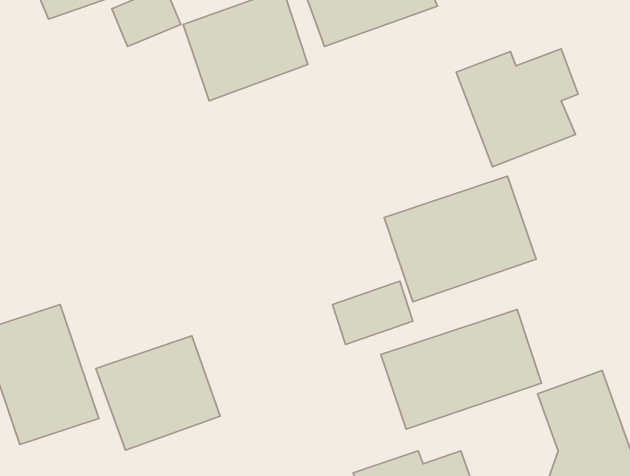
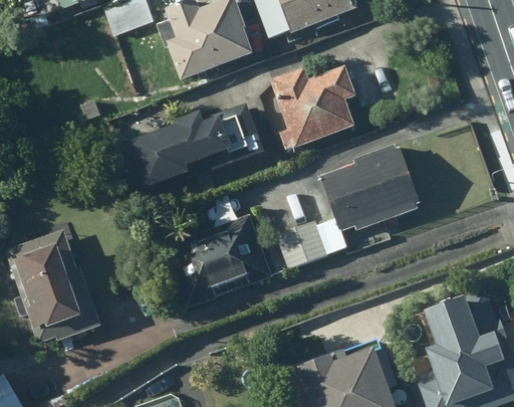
building: [456,49,578,167] -> [260,58,354,150]
building: none -> [121,103,263,193]
building: [381,309,542,429] -> none
building: [96,336,220,450] -> [178,213,274,301]

